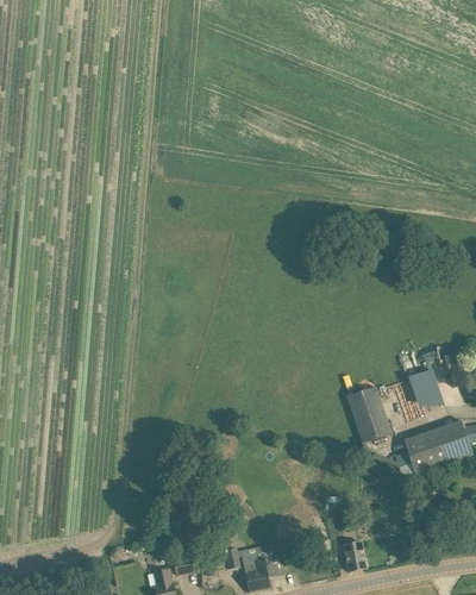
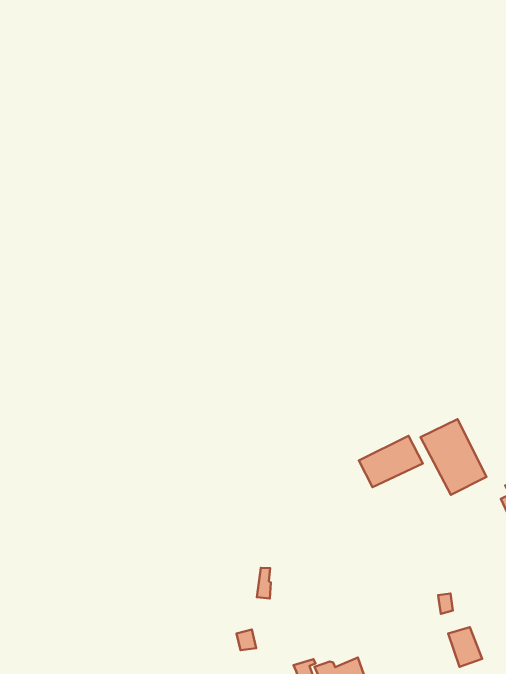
building: none -> [359,436,423,487]

